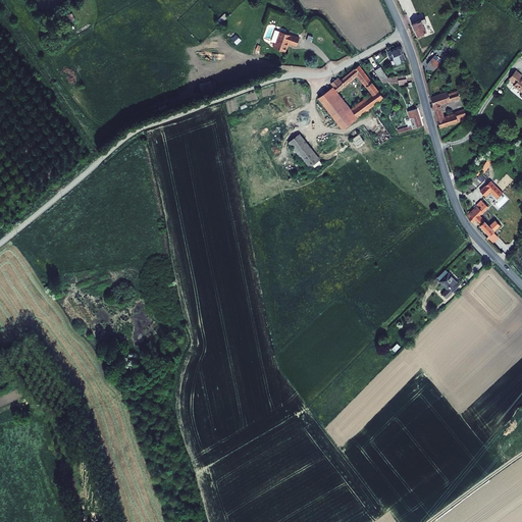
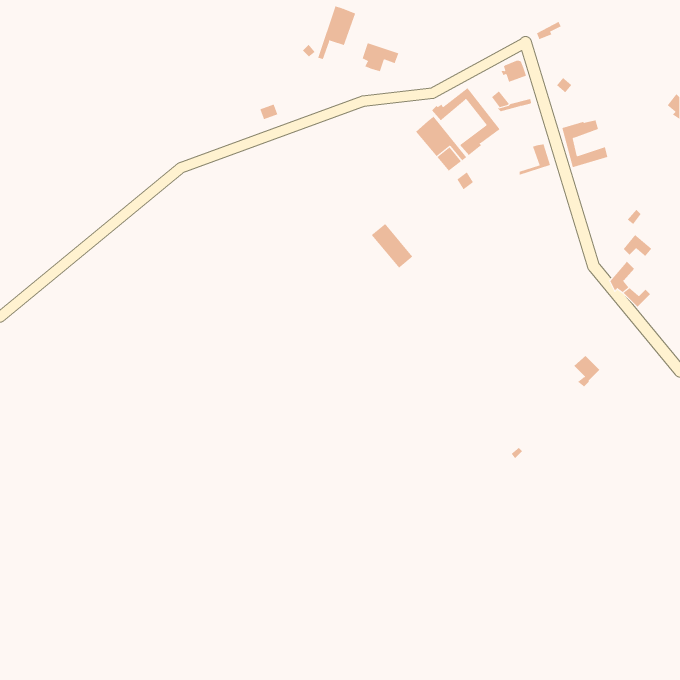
building: none -> [318,6,356,60]
building: [286,132,319,166] -> [371,223,413,268]

